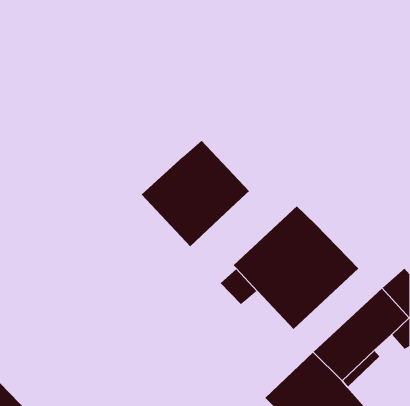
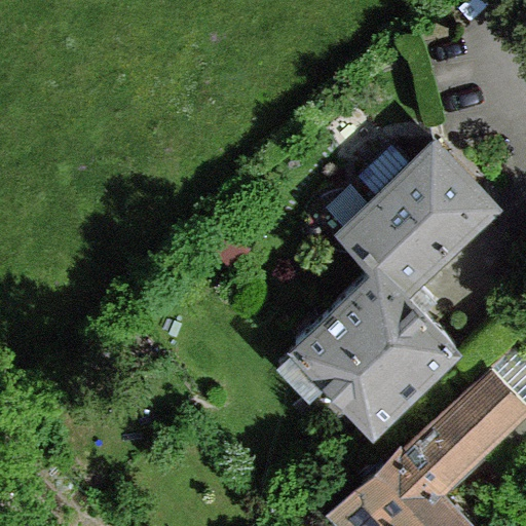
building: none -> [359,149,481,294]
building: [141,140,250,247] -> none

